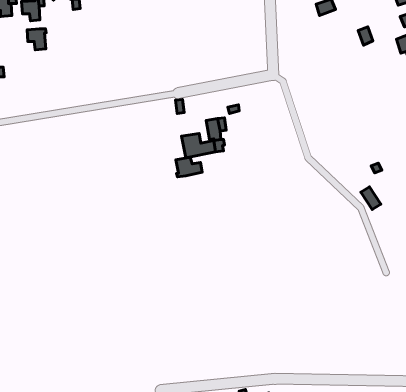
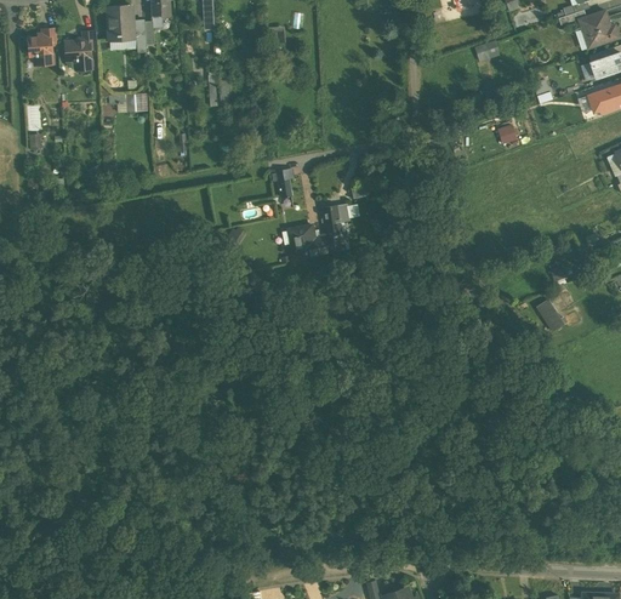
building: [27,29,46,50] -> none
building: [176,157,202,177] -> none

